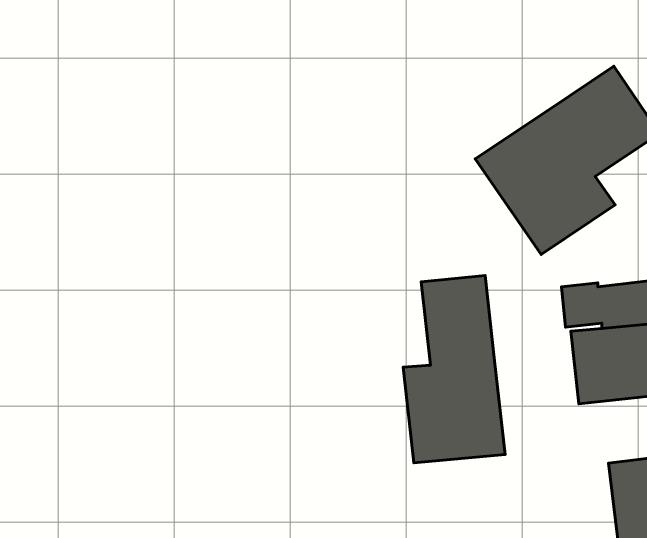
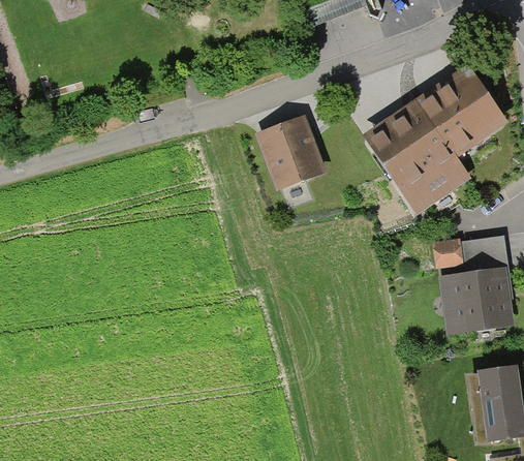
building: none -> [259,119,326,191]
building: [403,275,505,463] -> none

